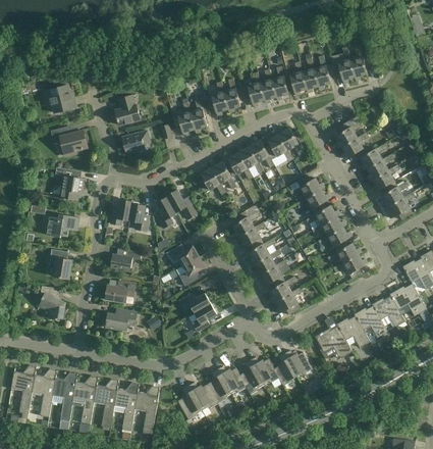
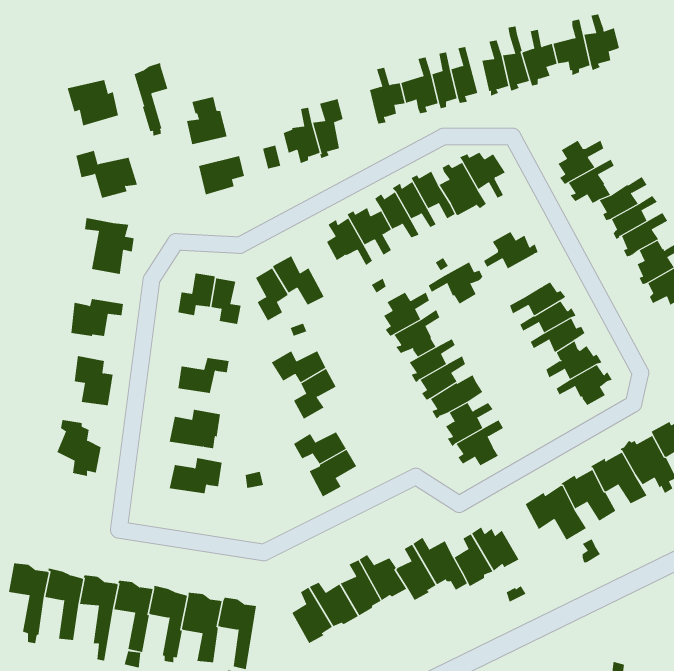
building: none -> [134,62,168,136]
building: [206,81,228,114] -> none
building: [297,188,330,213] -> [428,261,483,305]

